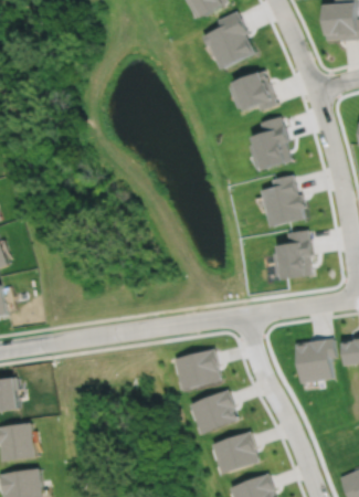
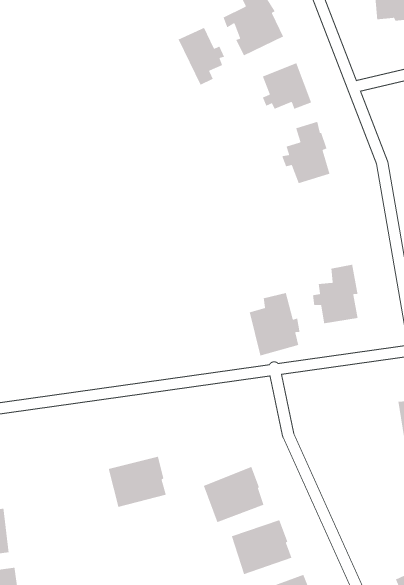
building: none -> [177,27,225,86]
building: [262,176,303,226] -> [249,292,300,357]
building: [294,339,335,383] -> none
building: [172,349,219,390] -> [108,456,167,508]

